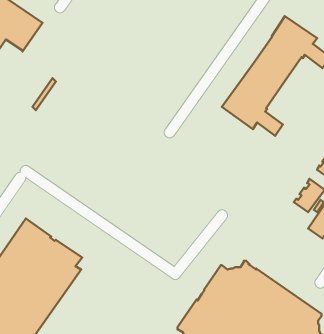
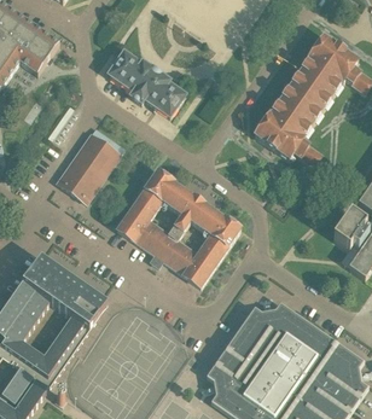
building: none -> [107,51,184,115]
building: none -> [56,126,123,202]
building: none -> [116,169,239,285]

